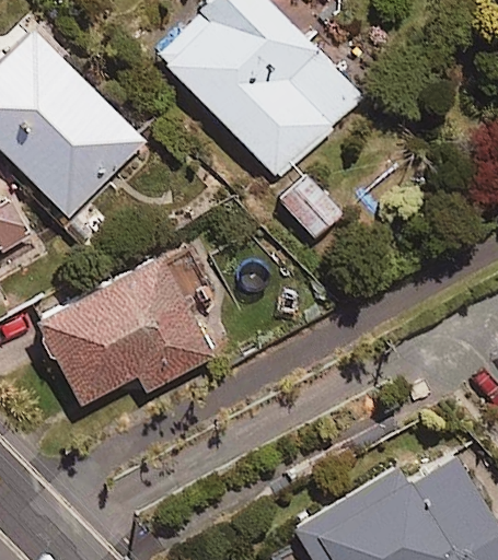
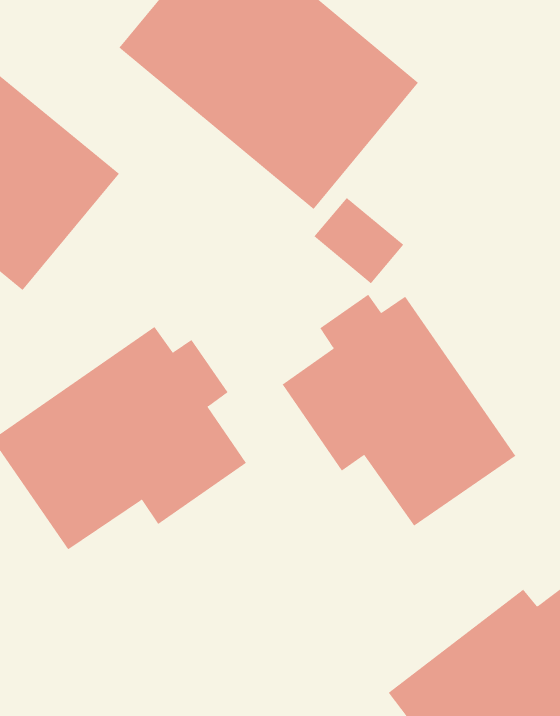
building: none -> [282,294,516,527]

